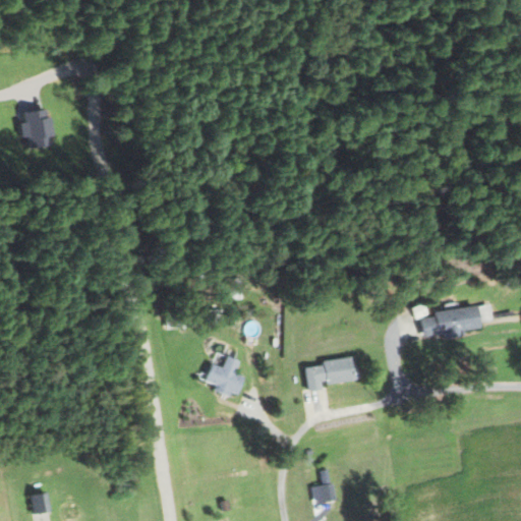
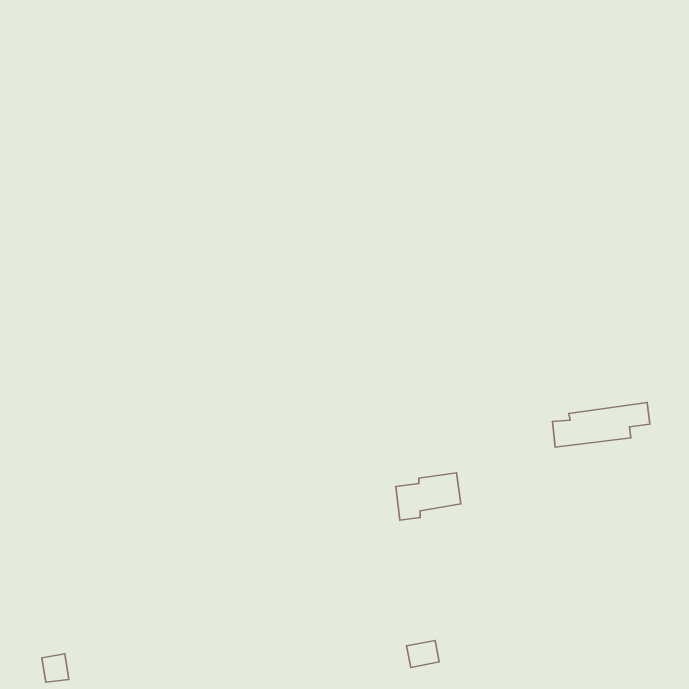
building: [23,111,55,149] -> none
building: [207,356,247,398] -> none

